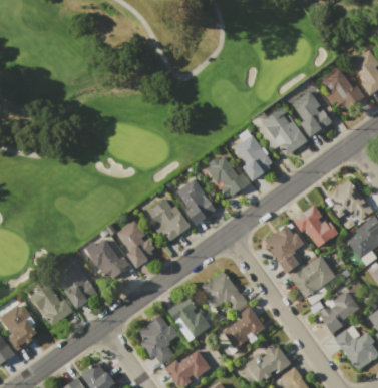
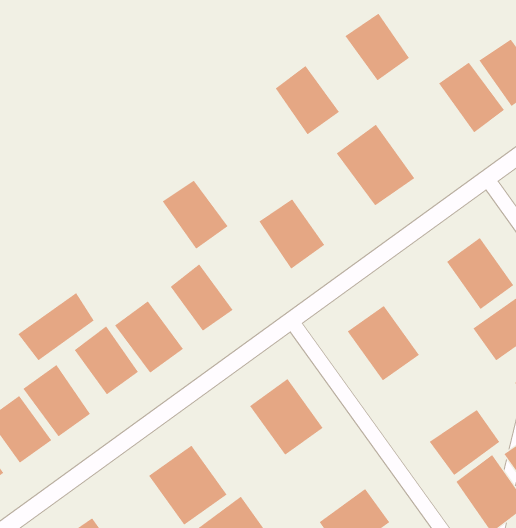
building: [289,91,331,135] -> [345,13,410,81]
building: [231,134,273,179] -> [275,65,340,135]
building: [172,178,216,224] -> [162,180,228,249]
building: [293,203,337,249] -> none
building: none -> [18,292,95,361]
building: [290,255,334,297] -> none
building: [168,295,212,340] -> none
building: [220,306,264,348] -> none

